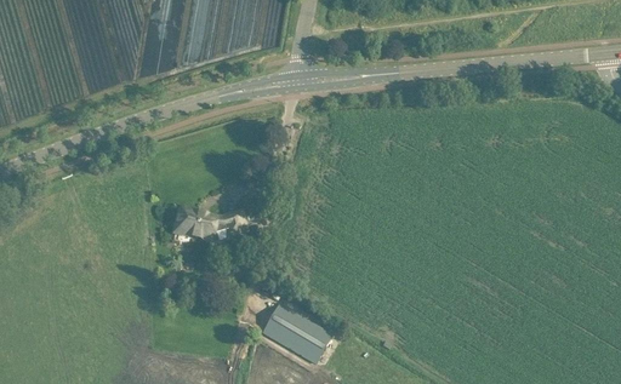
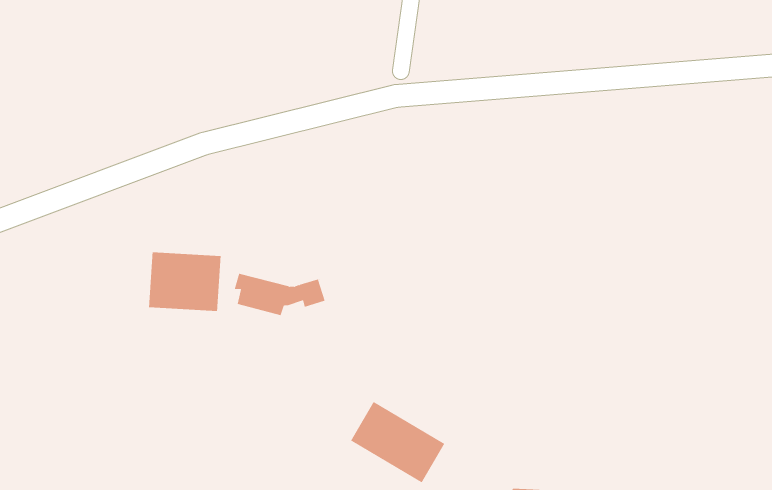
building: none -> [148,251,221,312]

